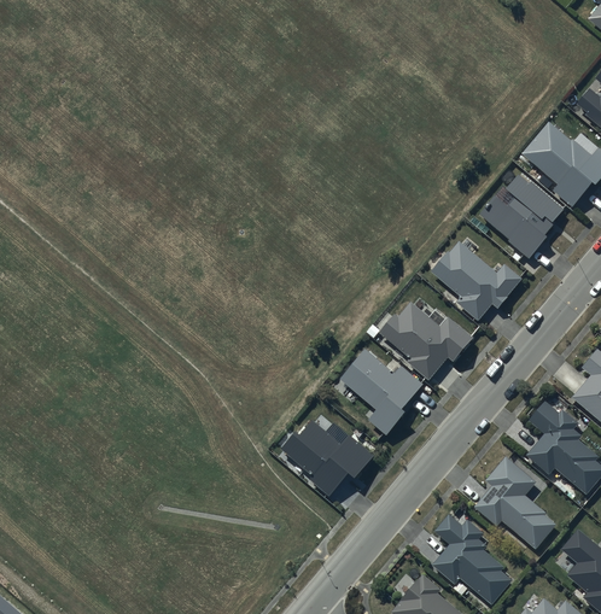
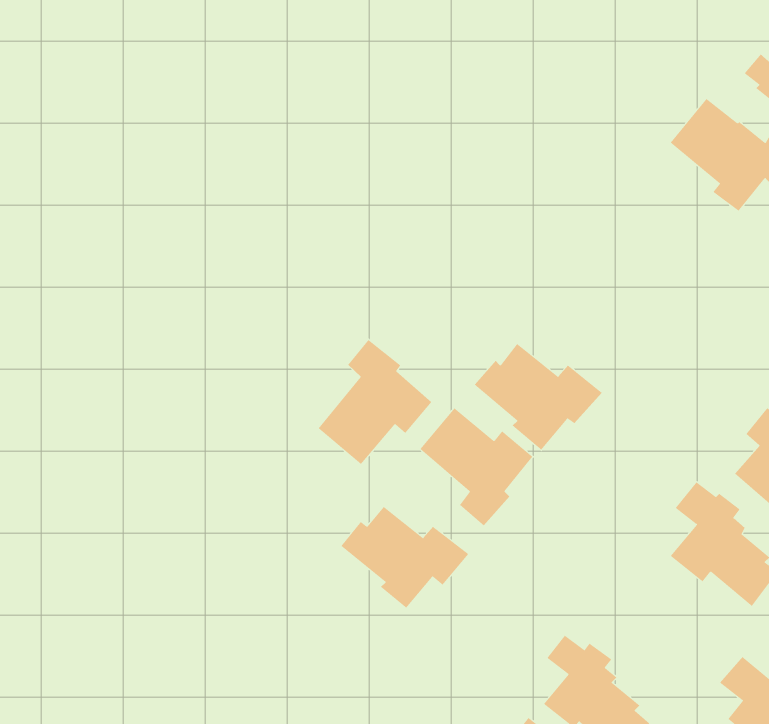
building: [480,174,564,258] -> none
building: [431,240,523,320] -> none
building: none -> [318,339,432,465]
building: [473,456,554,548] -> none

